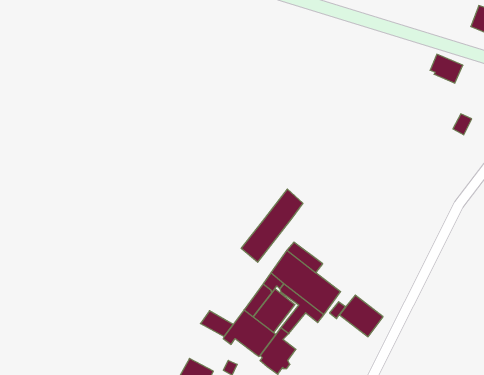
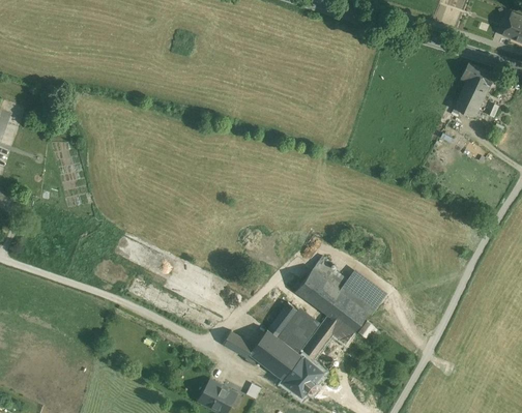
building: none -> [454,86,487,120]
building: [241,189,303,262] -> none
building: [339,295,383,337] -> [342,272,387,316]

